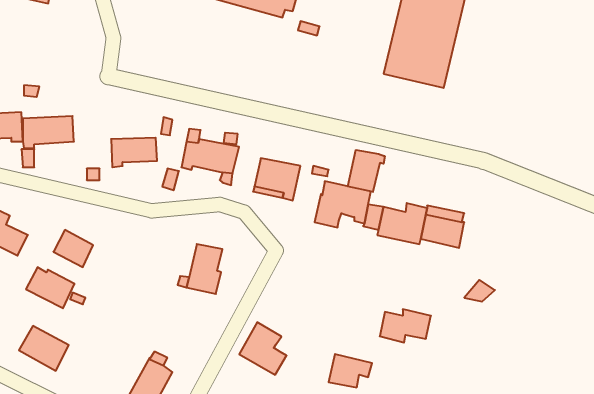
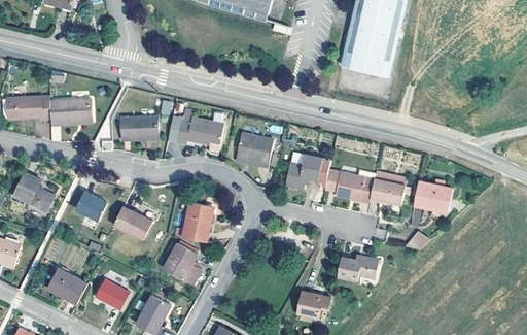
building: [348,150,385,192] -> none
building: none -> [413,181,452,210]
building: [26,267,75,308] -> [112,207,151,240]
building: [239,322,287,375] -> [163,242,201,284]
building: none -> [95,278,129,309]

